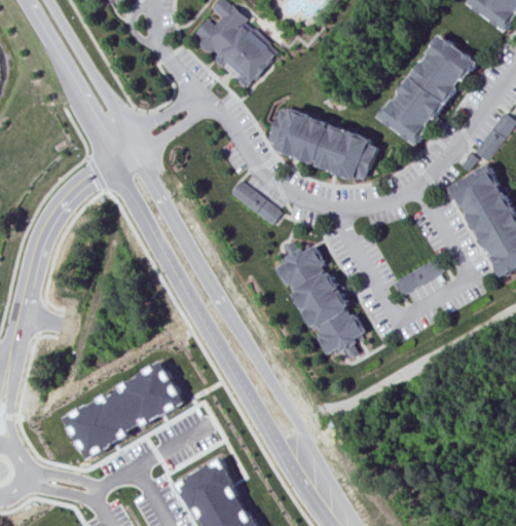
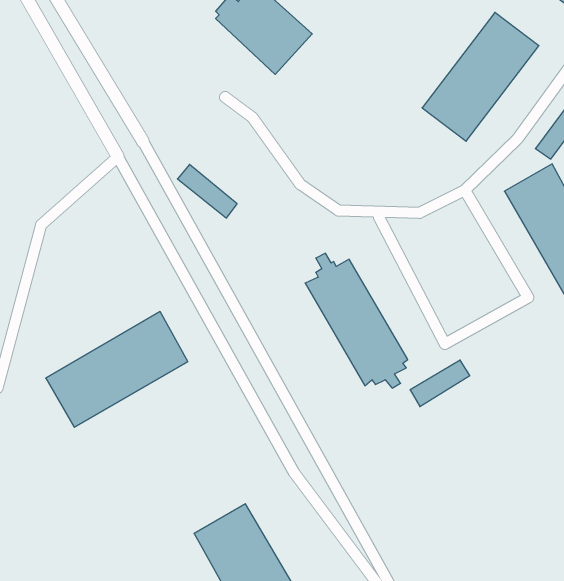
building: [268,108,376,181] -> none
building: [230,179,282,225] -> [177,164,237,218]
building: [393,257,444,297] -> [410,360,470,407]
building: [66,360,188,459] -> [46,312,188,427]

